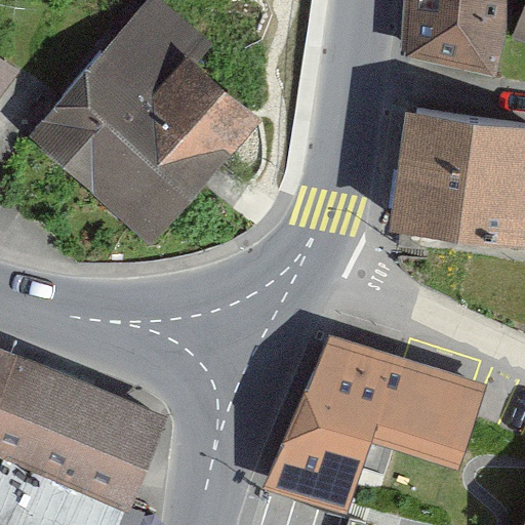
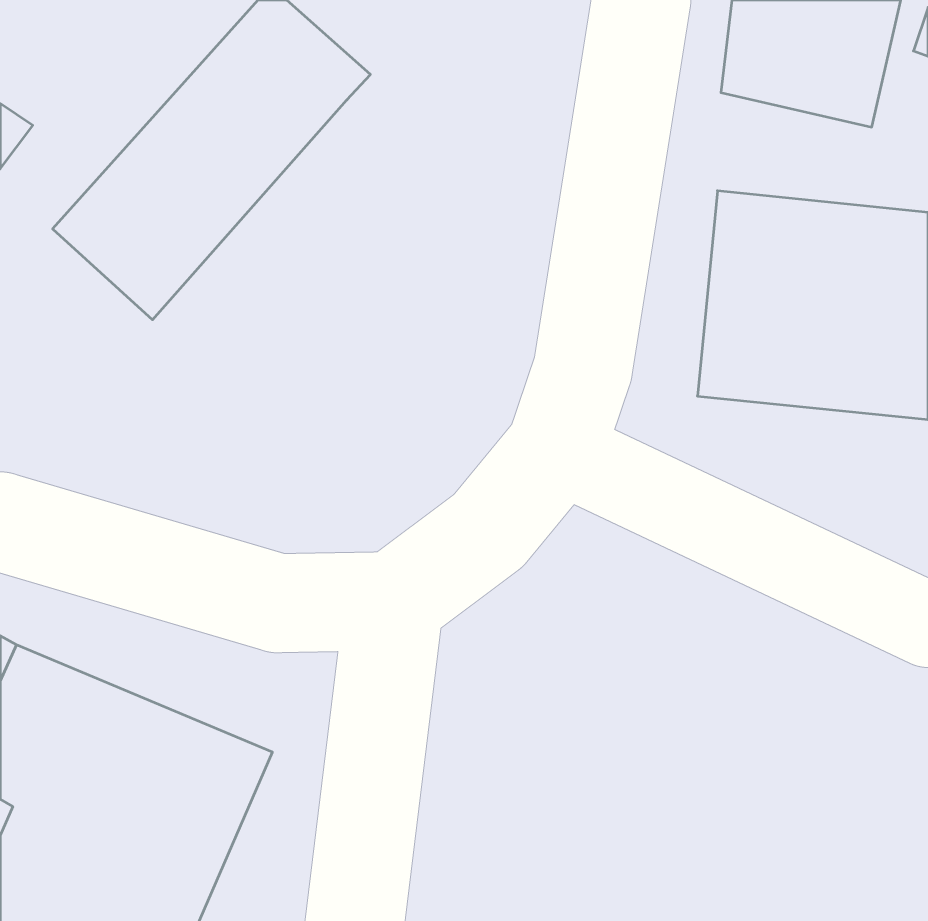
building: [86,60,256,238] -> none
building: [268,338,485,514] -> none

